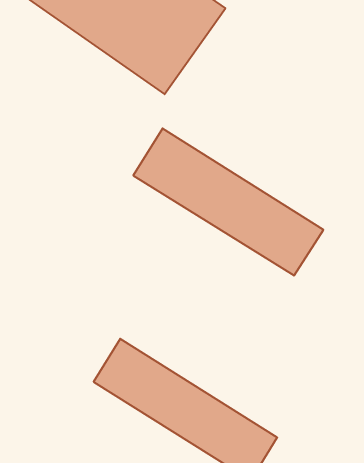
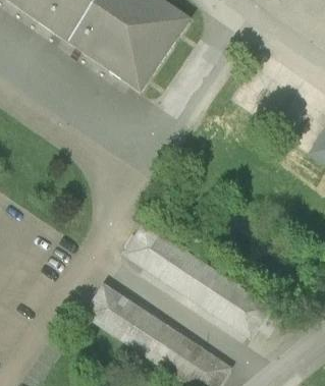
building: [133,128,323,275] -> [119,221,272,339]

